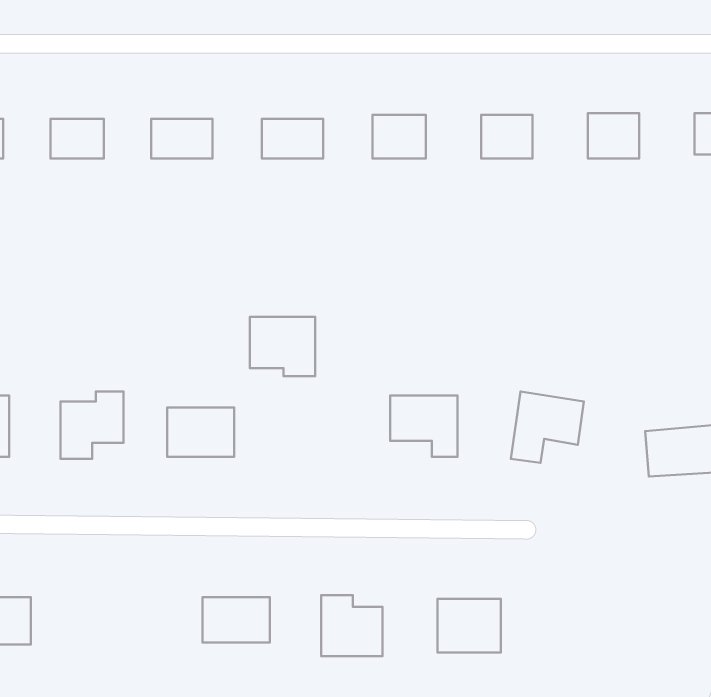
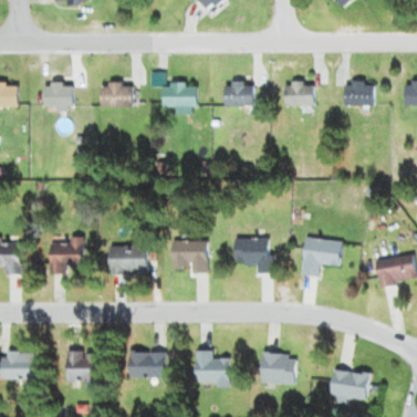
building: [250,317,315,376] -> [171,240,208,273]
building: none -> [66,352,98,385]
building: none -> [330,371,367,398]

